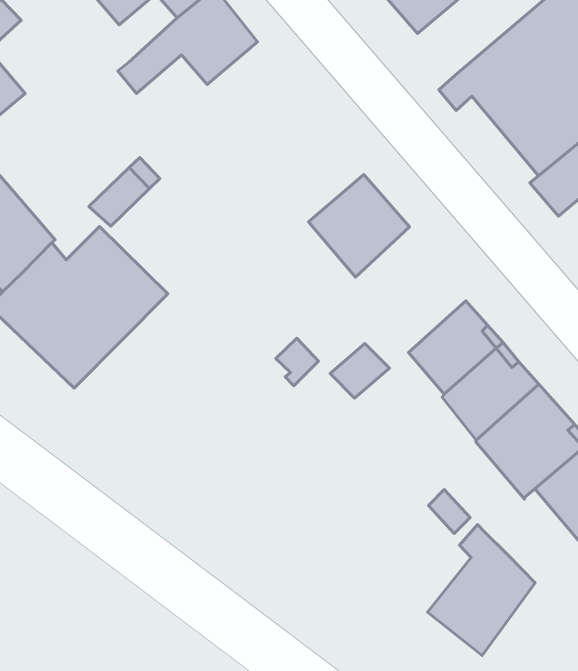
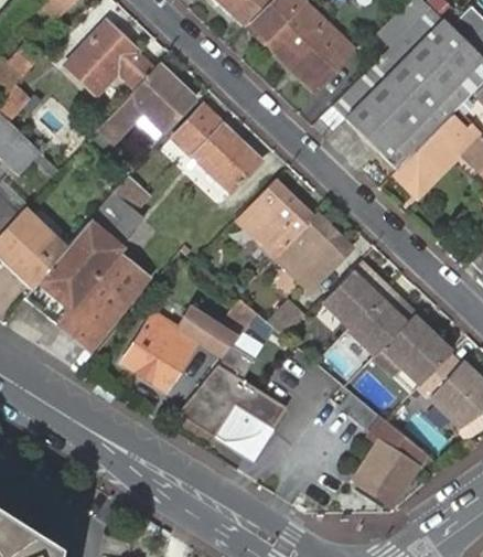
building: none -> [174,106,262,201]
building: none -> [279,212,353,288]
building: none -> [119,309,233,389]
building: none -> [181,343,289,439]

